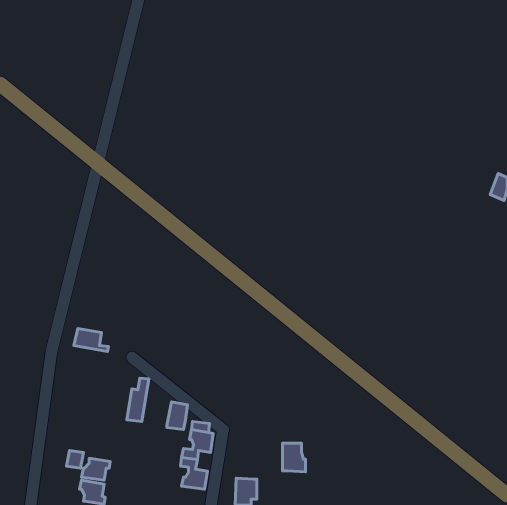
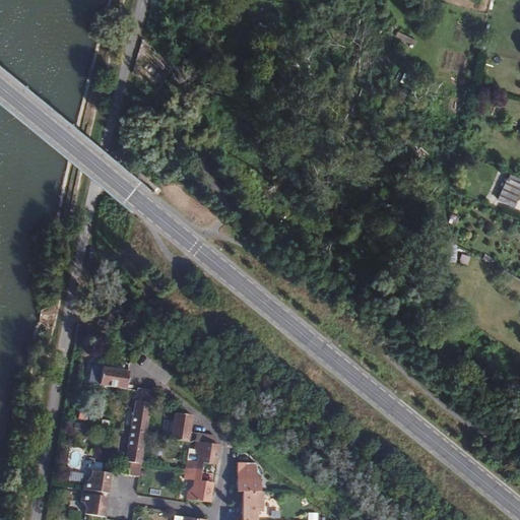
building: [74,329,108,351] -> [100,366,135,389]
building: none -> [125,430,145,475]
building: [283,443,305,472] -> [237,461,260,491]

